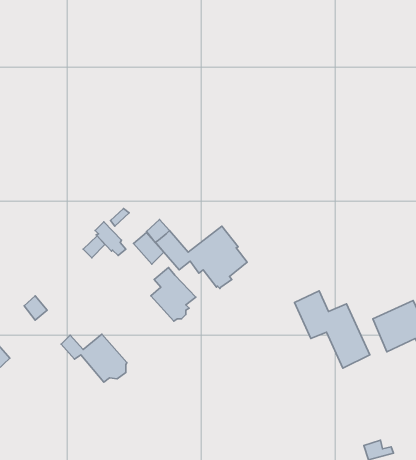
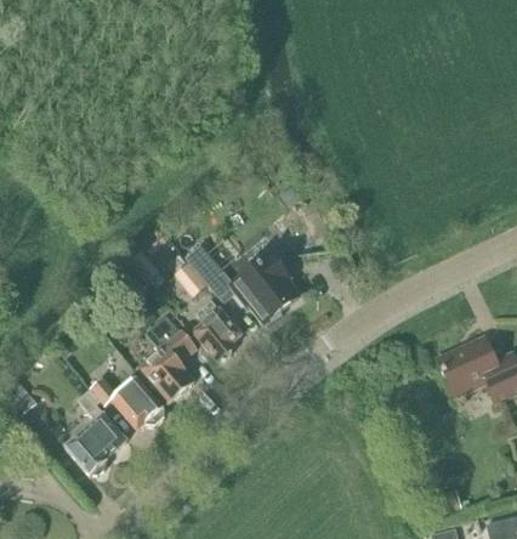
building: none -> [138,314,195,403]
building: [295,291,370,368] -> none
building: none -> [64,387,129,473]

